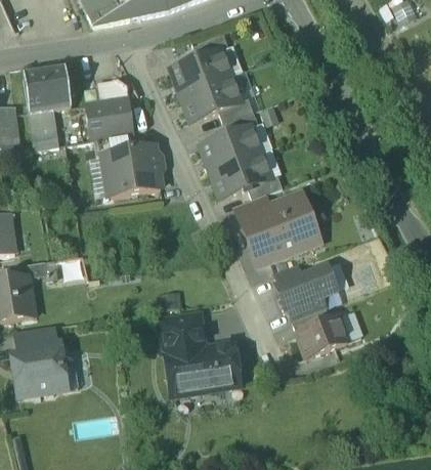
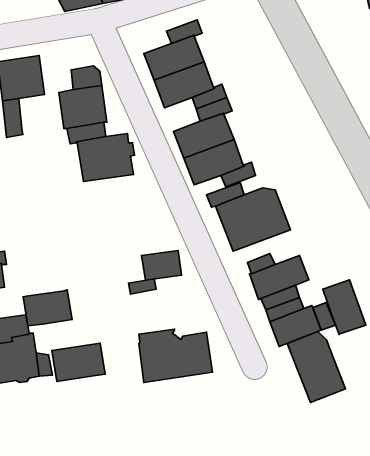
building: none -> [323,280,366,334]
building: none -> [23,290,72,326]
building: [162,316,202,346] -> [141,250,181,280]
building: none -> [287,331,345,402]
building: none -> [52,343,105,381]

